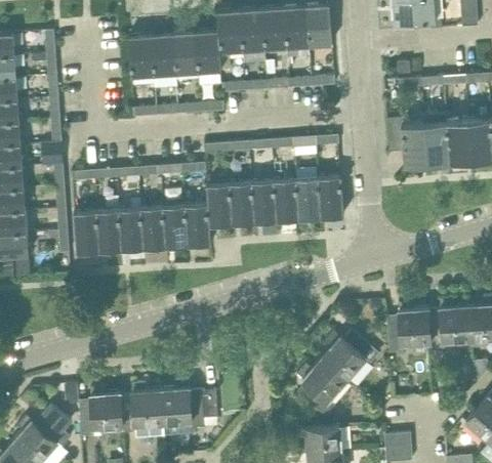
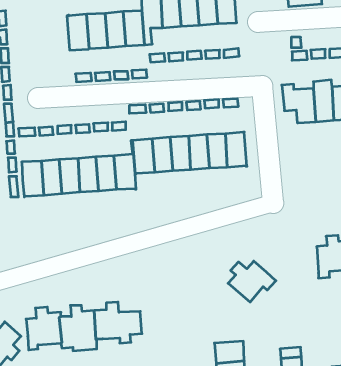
building: [386,302,430,354] -> none
building: [297,357,348,417] -> none

